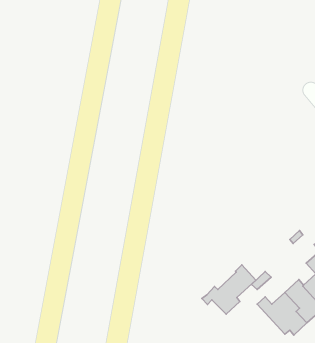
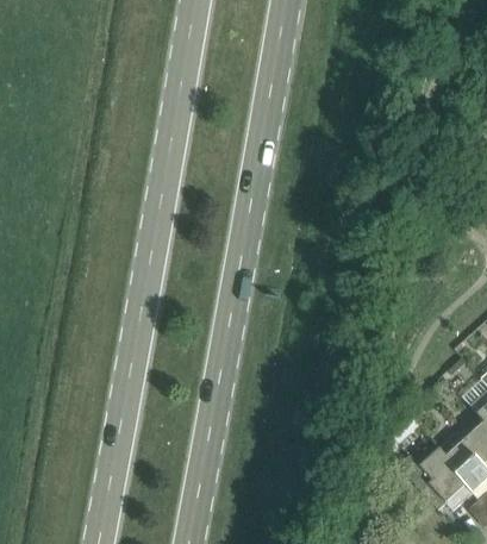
building: [202,265,256,314] -> none

